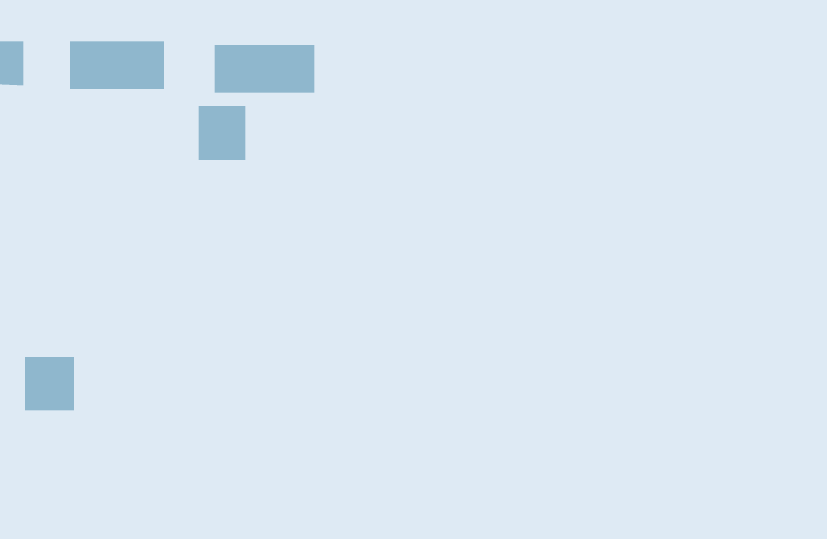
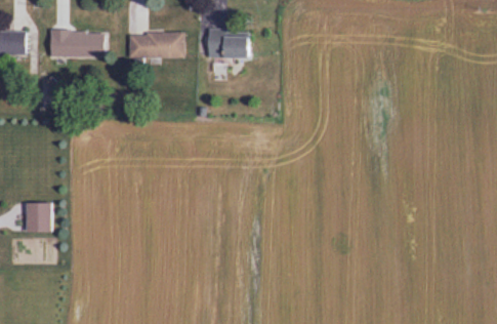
building: none -> [207,31,246,58]
building: [198,105,246,161] -> none

